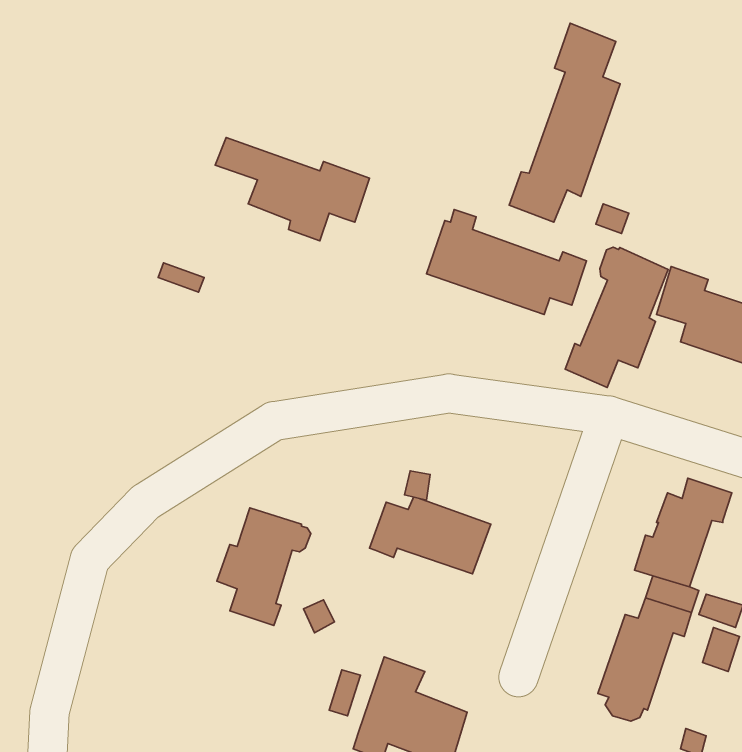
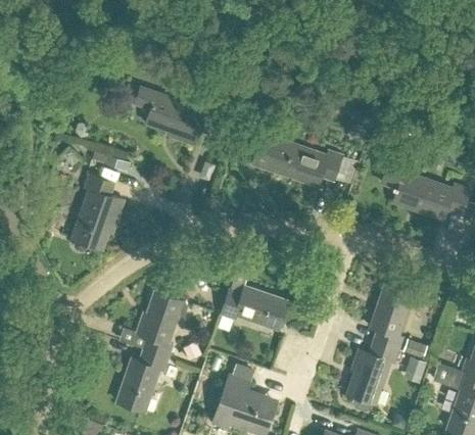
building: [509,23,620,222] -> none
building: [565,247,668,388] -> none
building: none -> [73,176,123,251]
building: none -> [116,349,168,413]

